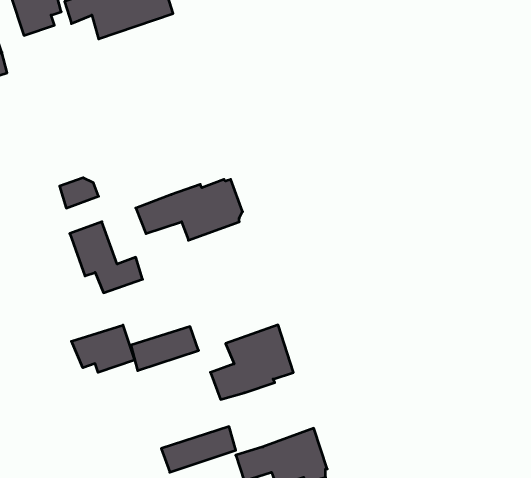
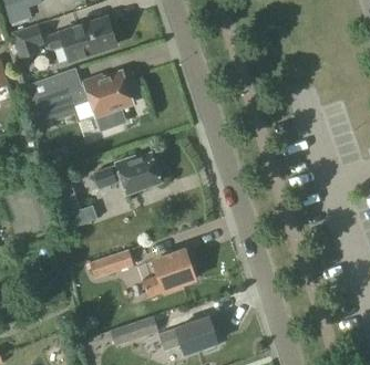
building: none -> [22,71,135,131]
building: [71,325,135,372] -> none

